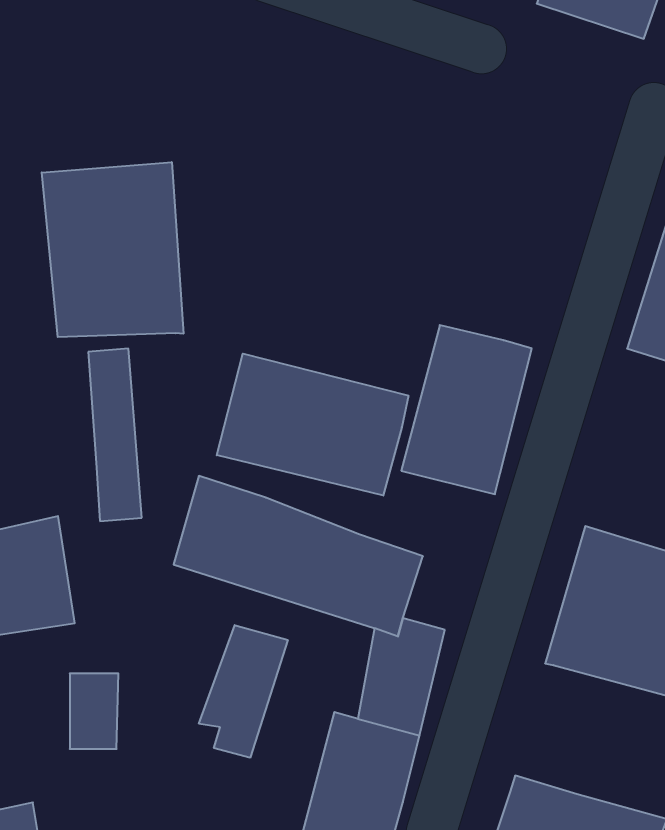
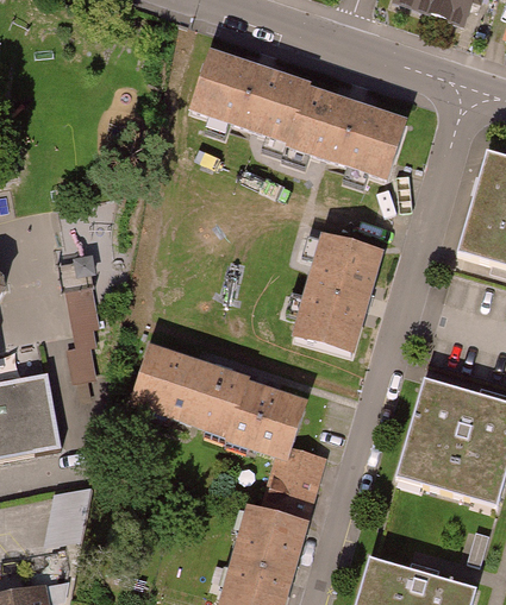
building: none -> [186,50,408,181]
building: [42,162,183,337] -> none
building: [217,354,408,496] -> none
building: [199,625,288,758] -> none

